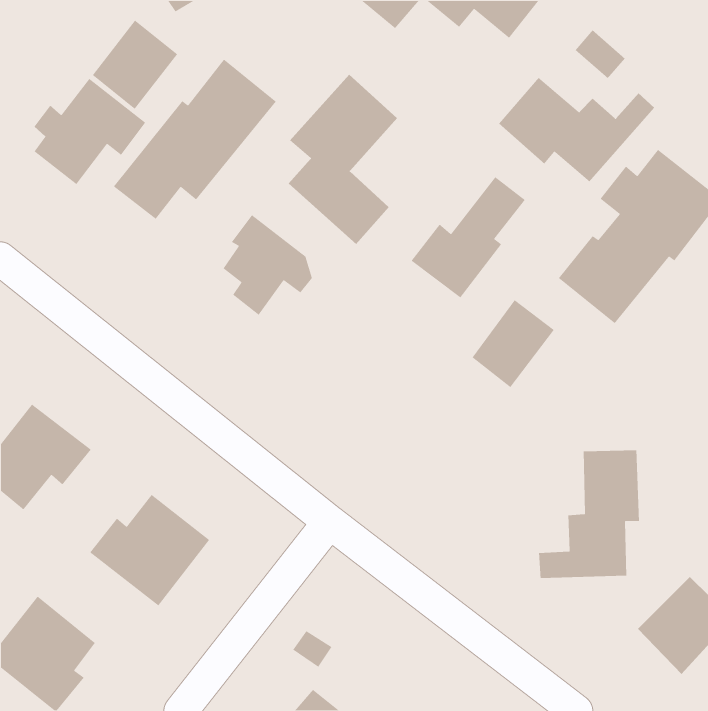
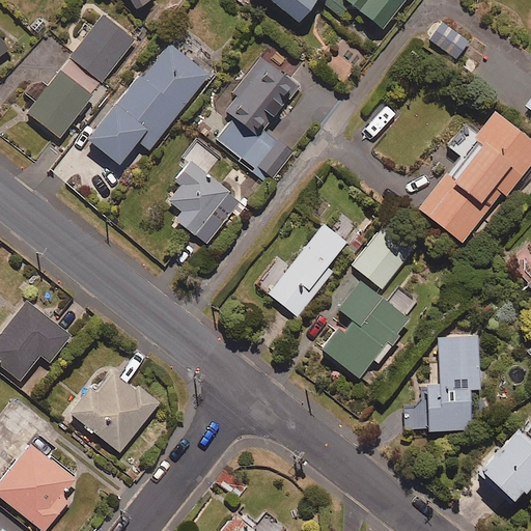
building: [498,77,655,183] -> none
building: [410,176,526,299] -> [260,224,346,315]
building: none -> [320,280,416,378]

